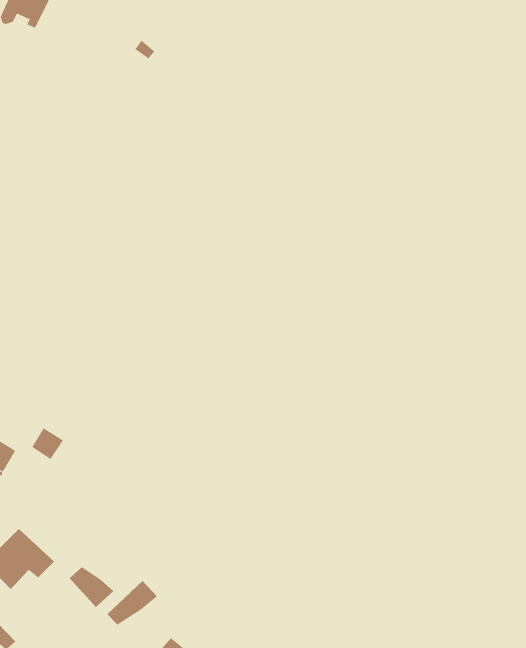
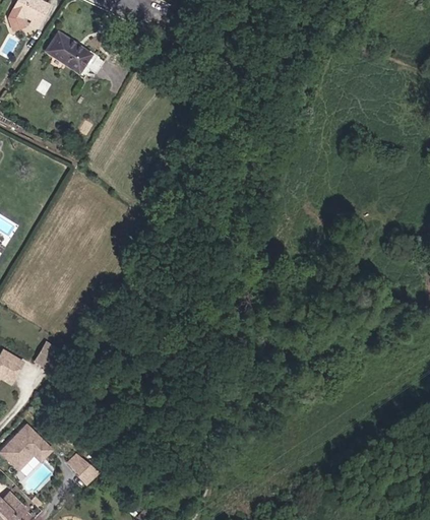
building: none -> [48,36,107,78]
building: [106,580,158,625] -> none

